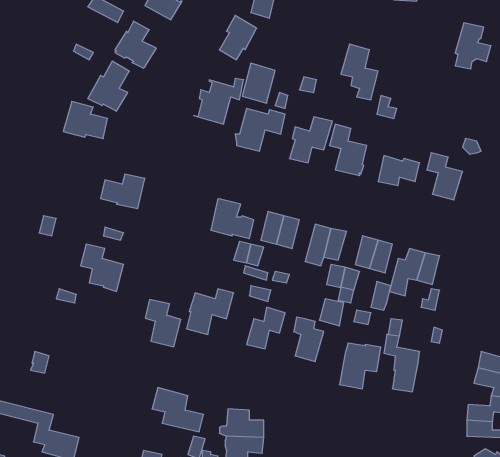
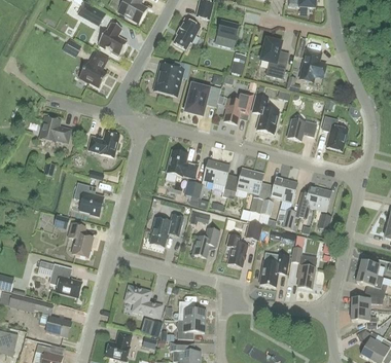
building: [455,23,491,69] -> [300,48,326,81]
building: [242,63,275,103] -> [215,20,239,48]
building: [63,101,108,139] -> [39,116,71,143]
building: [145,300,181,347] -> [68,223,94,257]
building: none -> [49,263,81,296]

